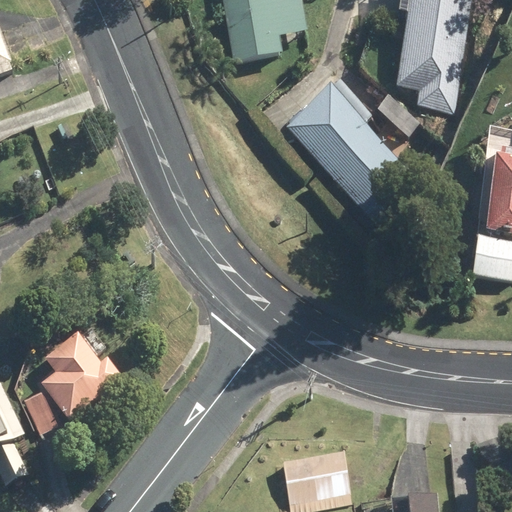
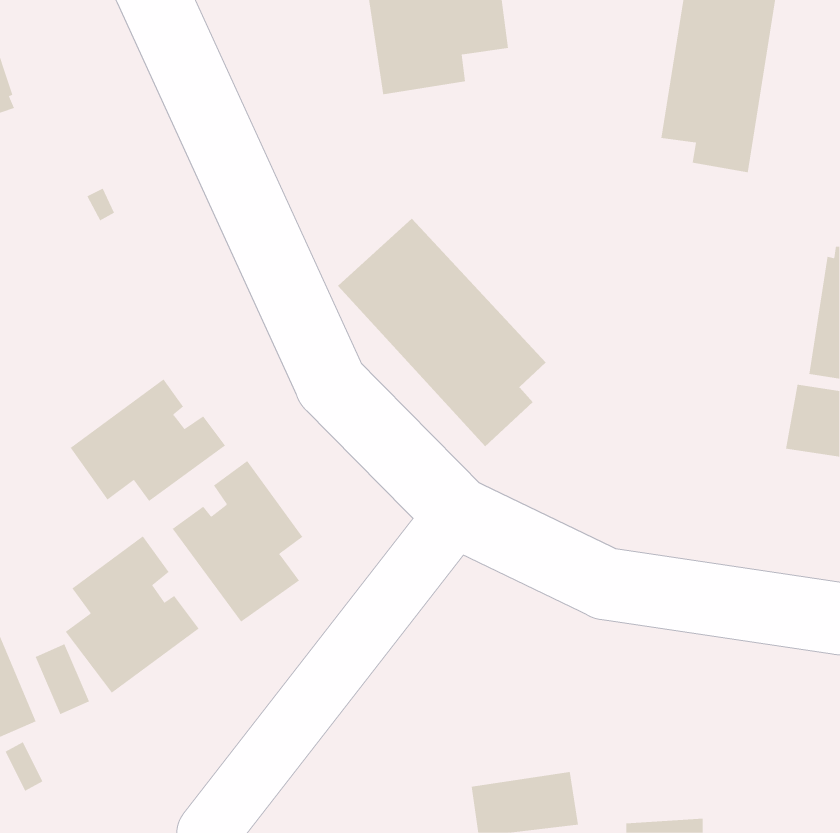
building: [287,87,413,225] -> [337,218,547,447]
building: none -> [70,379,226,502]
building: none -> [172,460,303,623]

